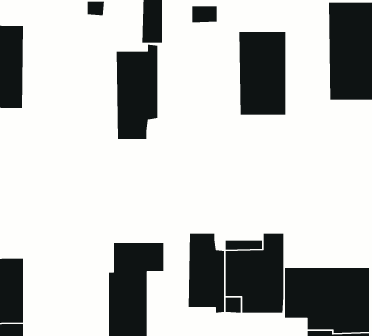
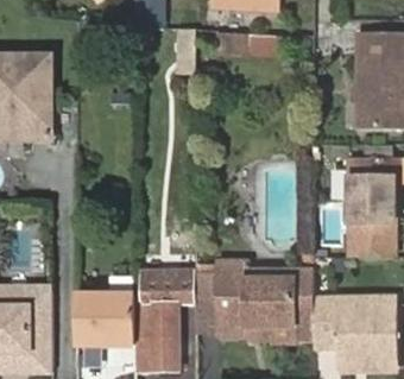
building: [239,31,286,116] -> [347,153,394,238]
building: [116,44,158,140] -> none
building: none -> [194,261,219,336]
building: none -> [77,290,134,341]

